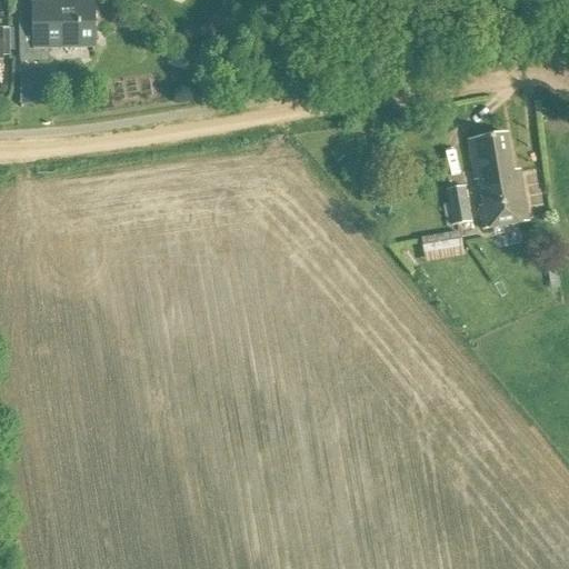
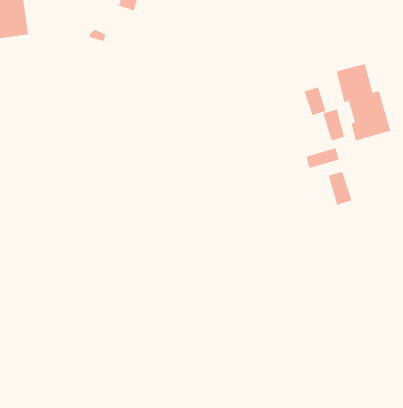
building: none -> [304,87,326,116]
building: none -> [328,171,352,205]

